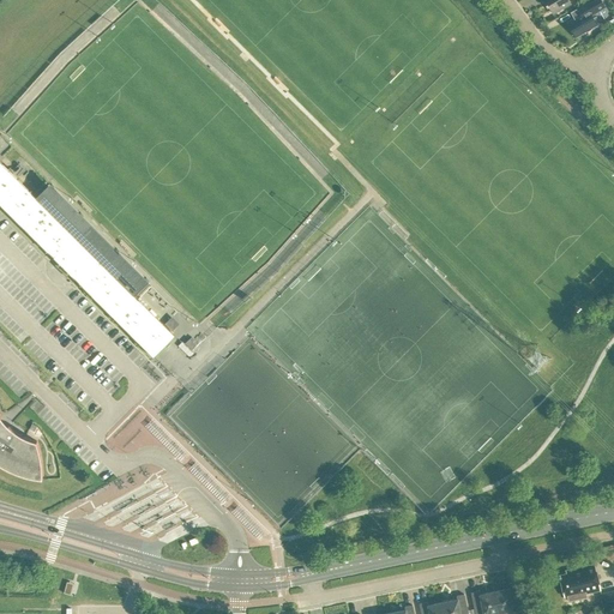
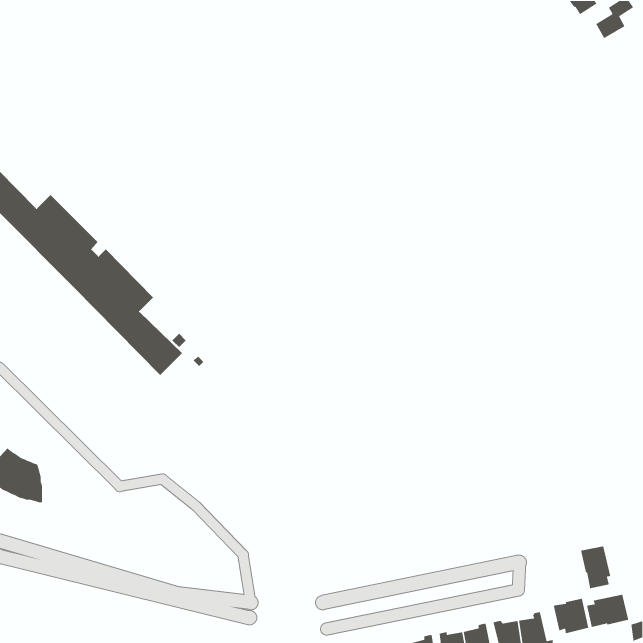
building: none -> [580,545,611,589]
building: none -> [553,598,589,634]

